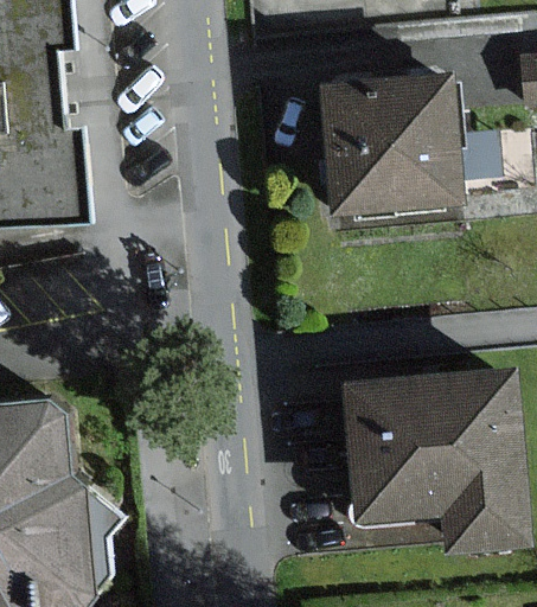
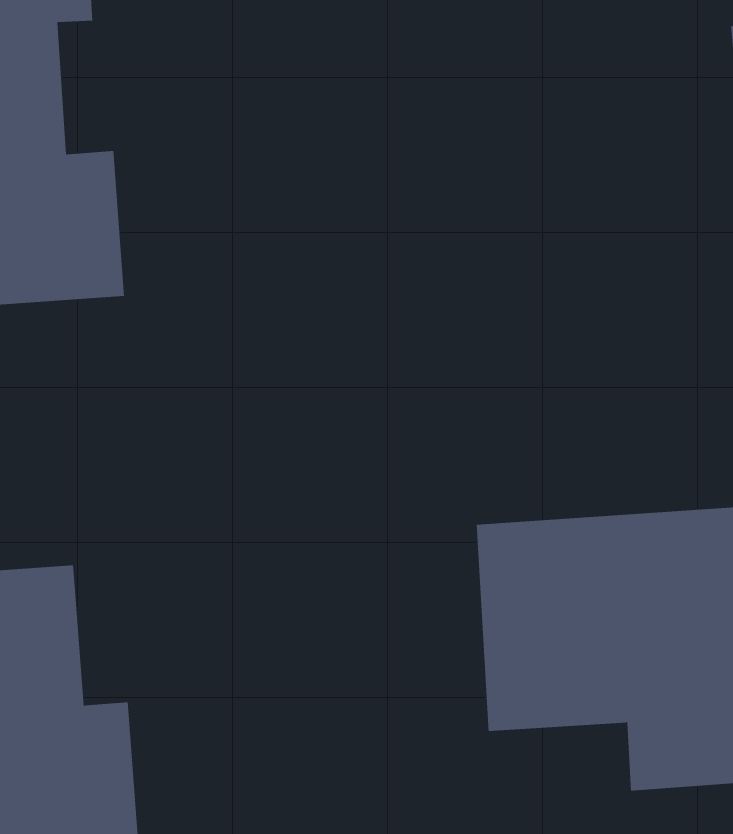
building: [319,70,464,212] -> none

